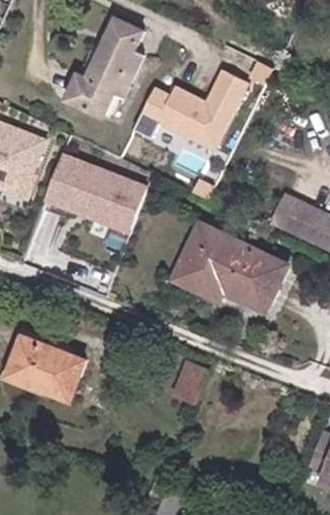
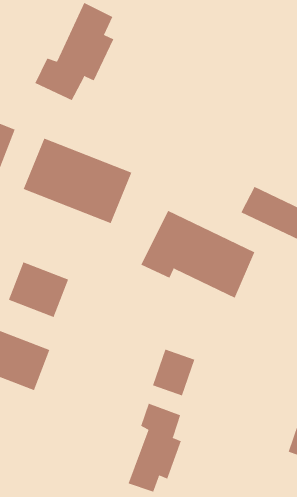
building: [142,64,258,149] -> none
building: none -> [8,261,69,318]
building: none -> [128,403,181,493]

